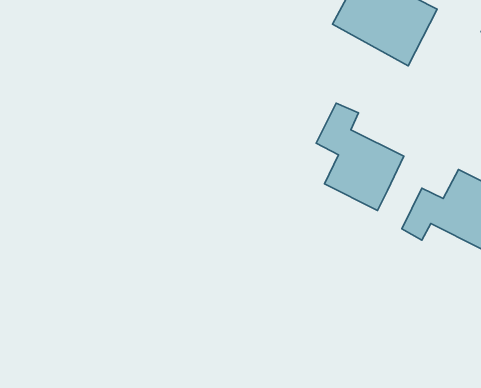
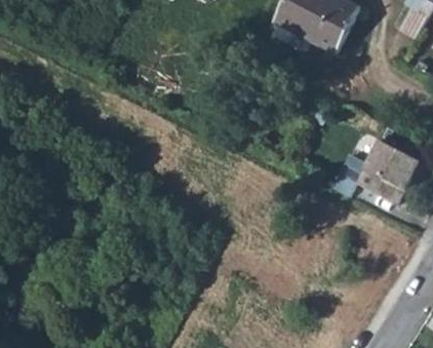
building: [316,103,404,210] -> none

